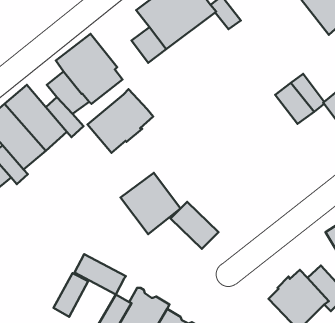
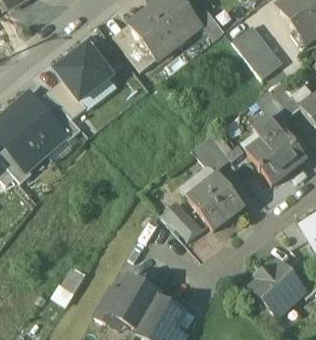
building: none -> [231,26,280,79]
building: [87,89,153,153] -> none
building: none -> [247,131,306,184]
building: none -> [197,134,230,171]
building: [120,173,181,234] -> [188,175,243,231]
building: [74,254,126,294] -> none

